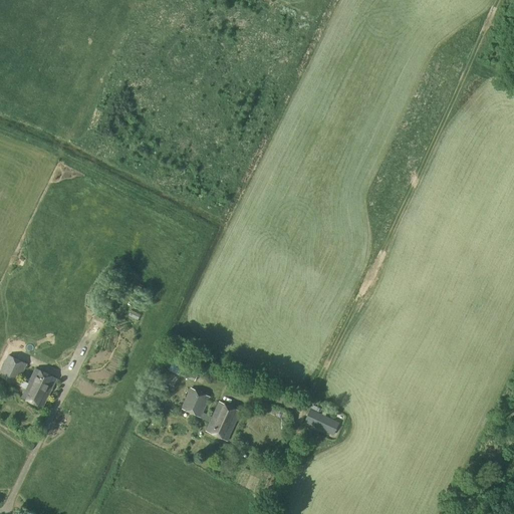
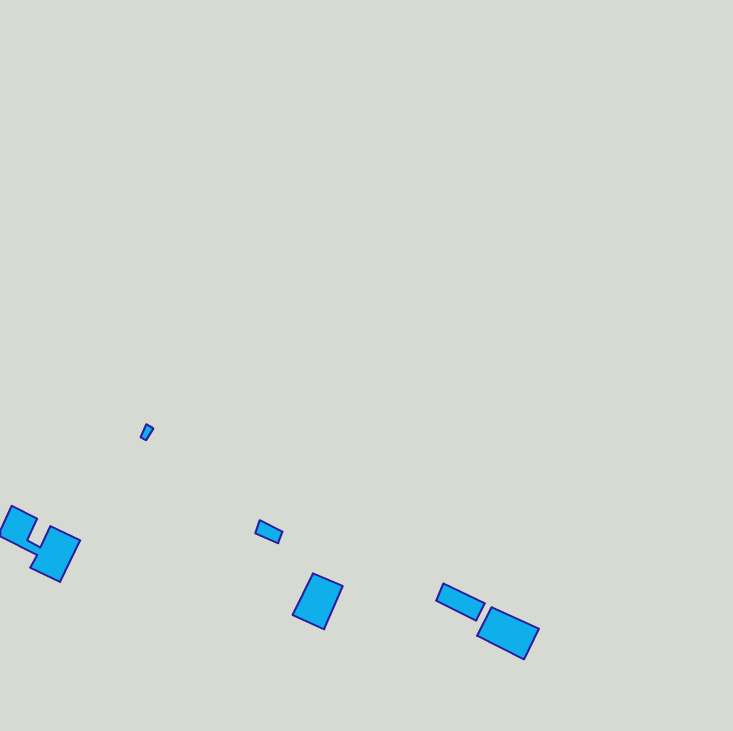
building: [180,387,210,418] -> none
building: none -> [477,607,539,659]

